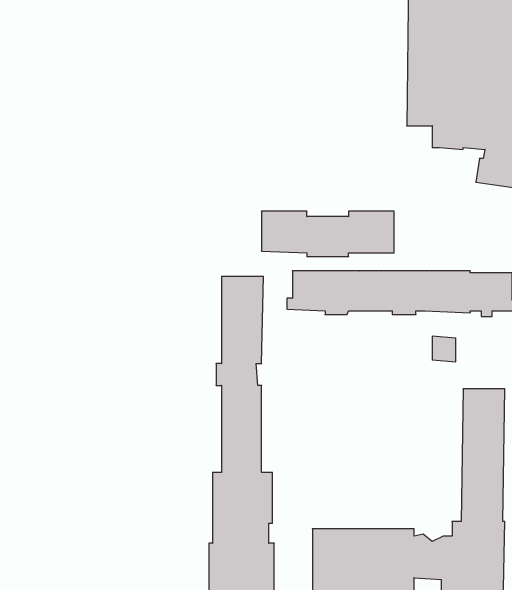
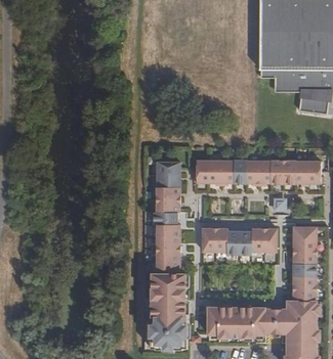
building: [261,211,394,257] -> [201,226,276,252]

